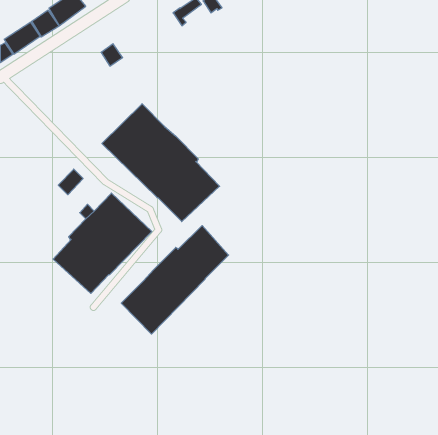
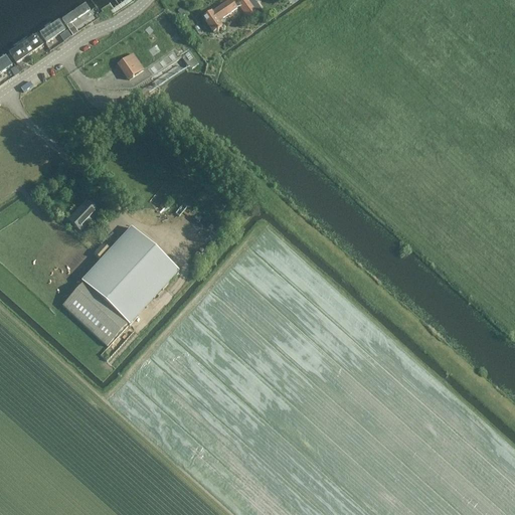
building: [102,104,220,222] -> none
building: [121,226,229,334] -> none

